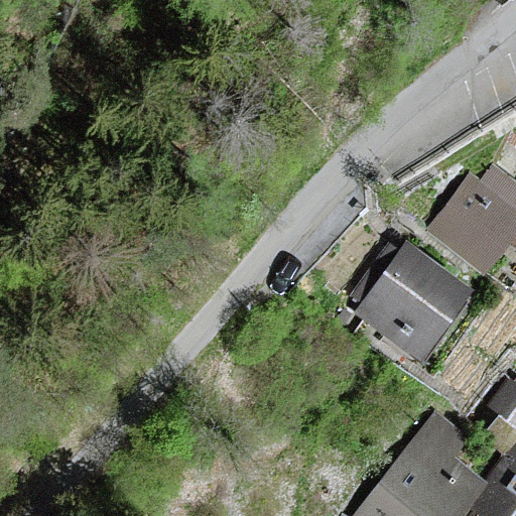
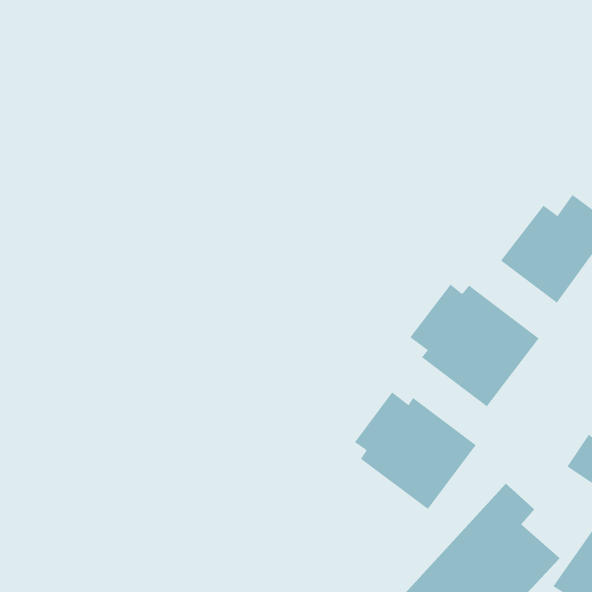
building: none -> [354,392,476,510]

